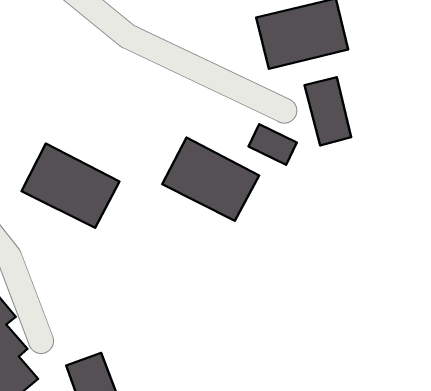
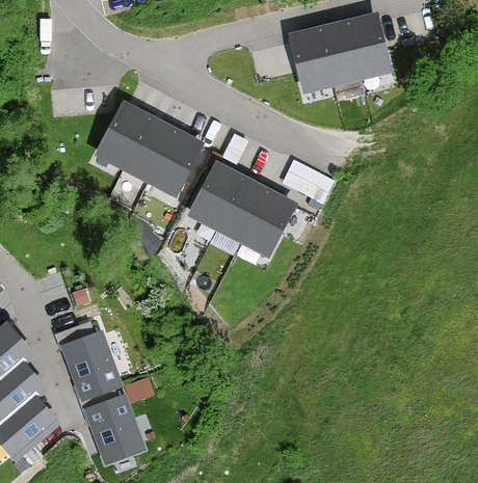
building: [304,77,351,145] -> none
building: [21,144,119,228] -> [96,104,201,194]
building: none -> [62,331,120,398]

